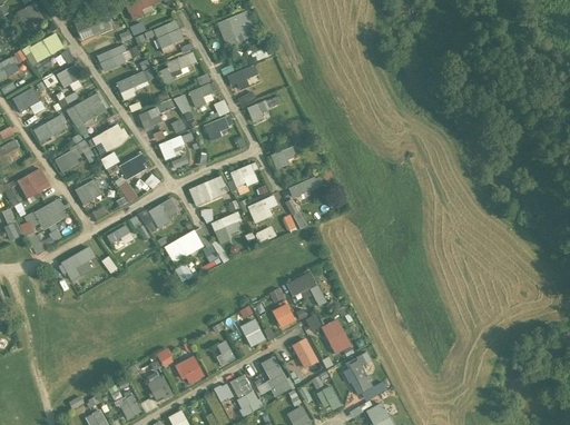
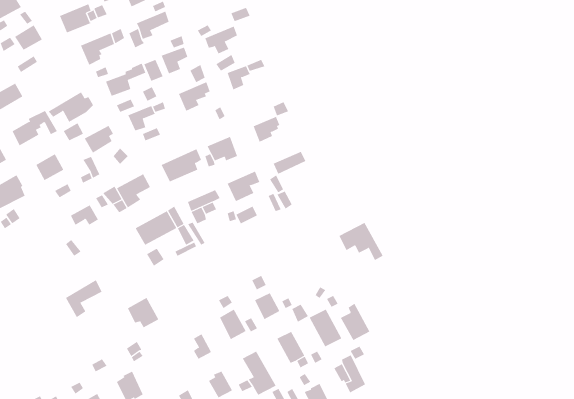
building: [67,91,108,135] -> none
building: [61,246,95,280] -> [65,279,102,318]
building: [286,271,326,306] -> [339,222,383,261]
building: none -> [340,303,370,341]
building: [175,355,204,383] -> [127,297,159,328]

